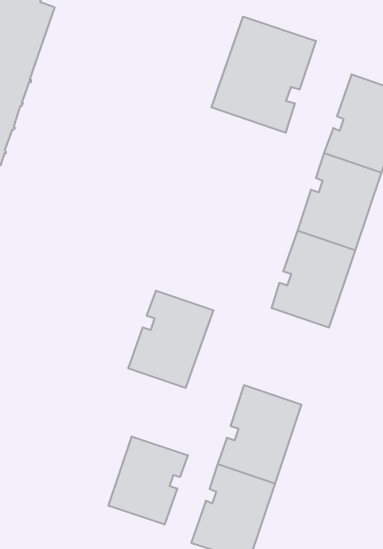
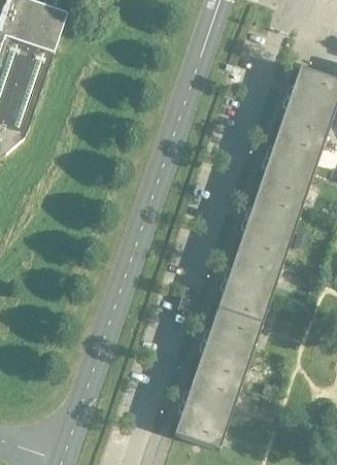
building: [211,17,316,133] -> none
building: [128,291,214,388] -> [213,251,280,327]
building: [109,436,188,525] -> none

